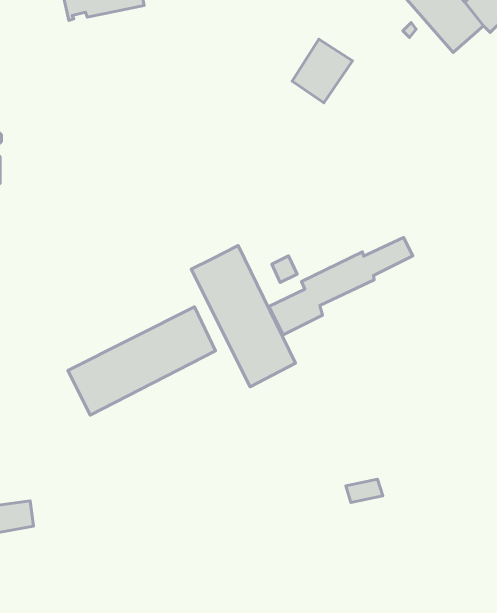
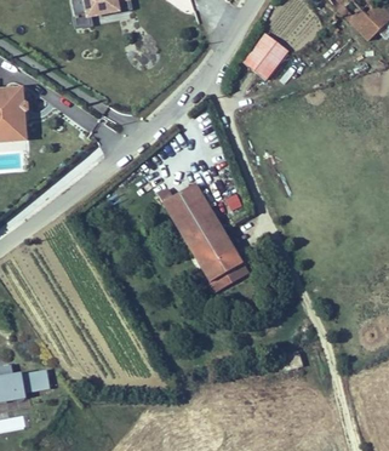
building: [269,238,413,335] -> none
building: [68,307,216,415] -> none

